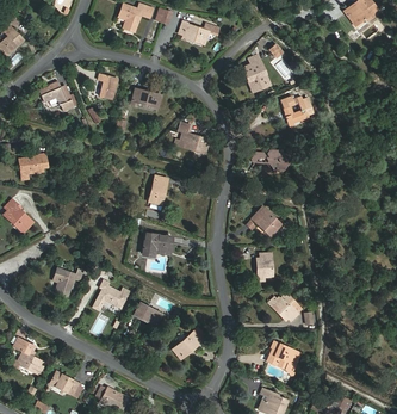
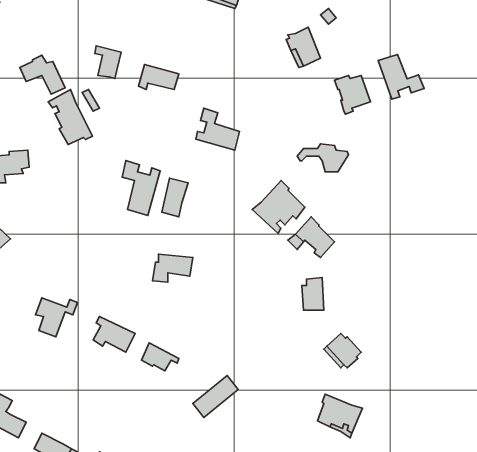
building: none -> [378,54,424,99]
building: none -> [48,89,92,145]
building: none -> [122,161,160,216]
building: none -> [252,181,305,233]

